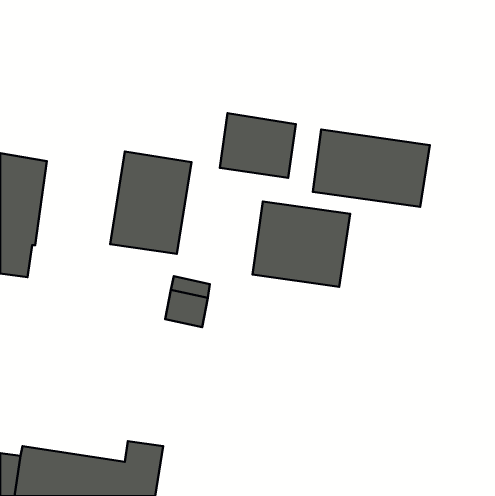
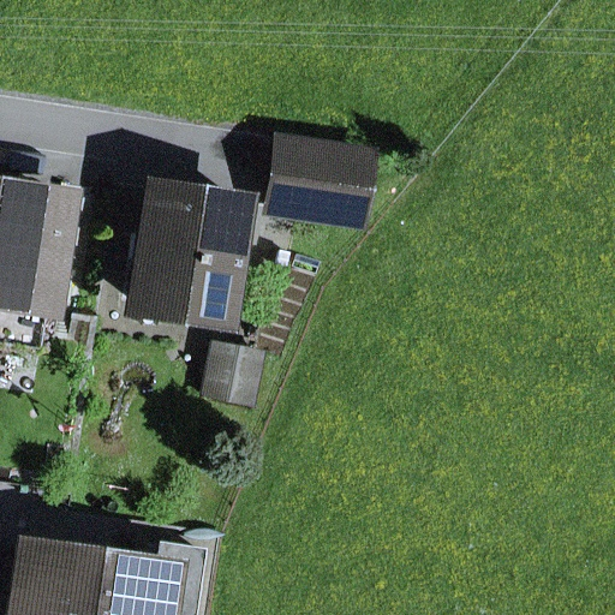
building: [313,130,430,207] -> none
building: [252,201,350,287] -> none

